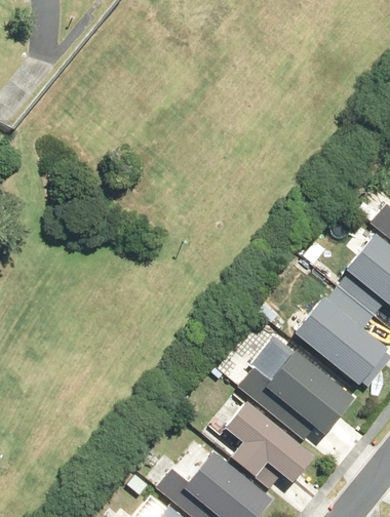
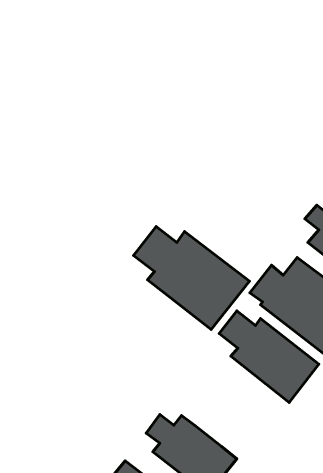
building: none -> [134,227,249,329]
building: [212,397,317,482] -> none

